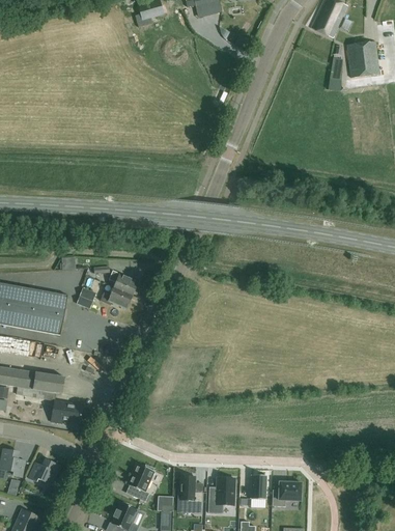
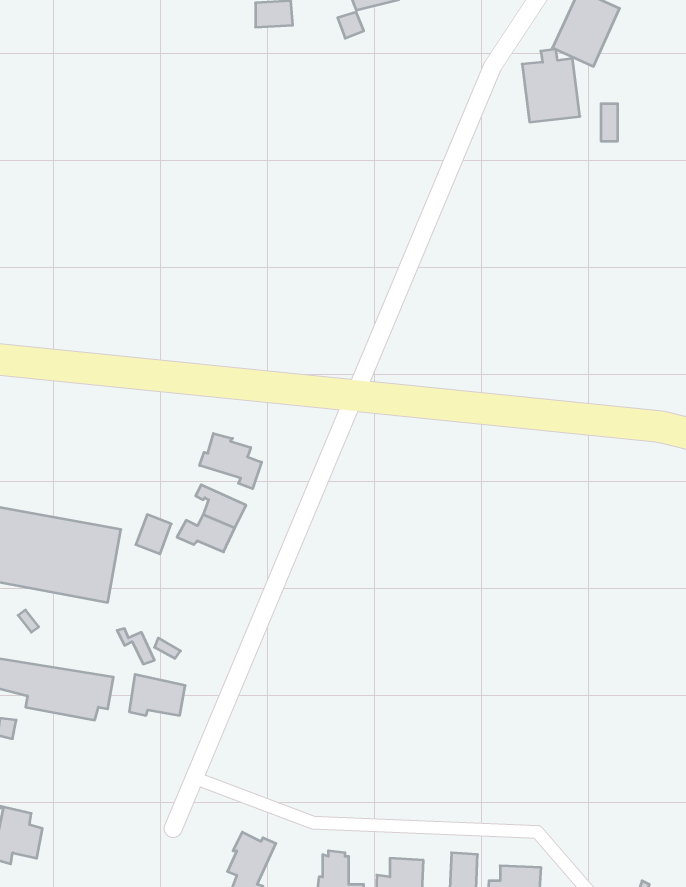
building: [345,36,377,77] -> [522,49,580,122]
building: none -> [200,433,262,489]
building: [51,400,82,423] -> [129,674,185,715]
building: [28,459,62,485] -> none

